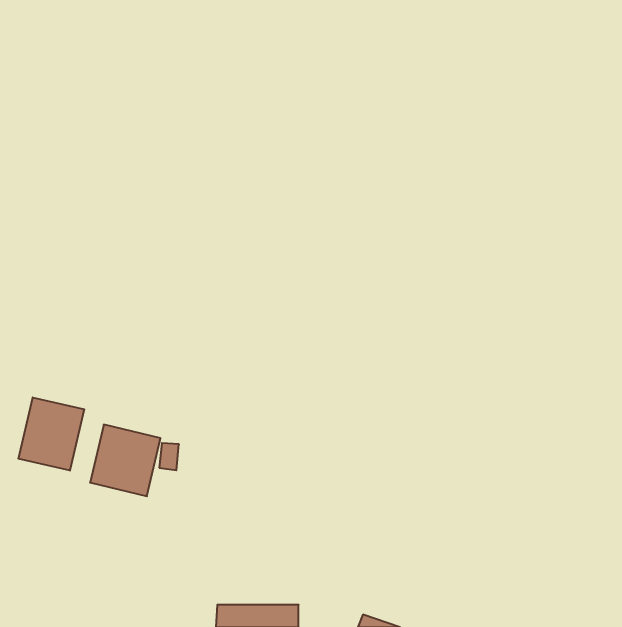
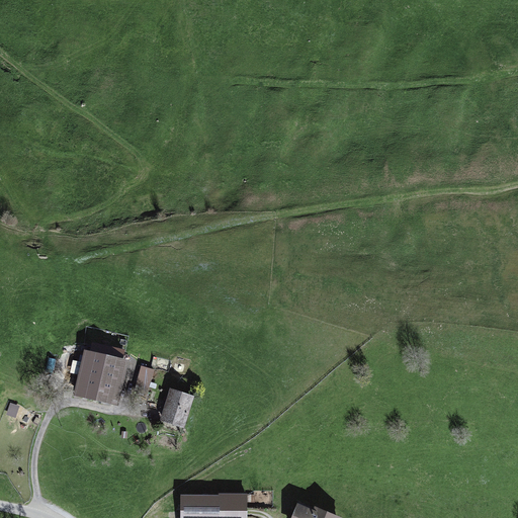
building: [18,397,84,471] -> none
building: none -> [159,387,196,430]

